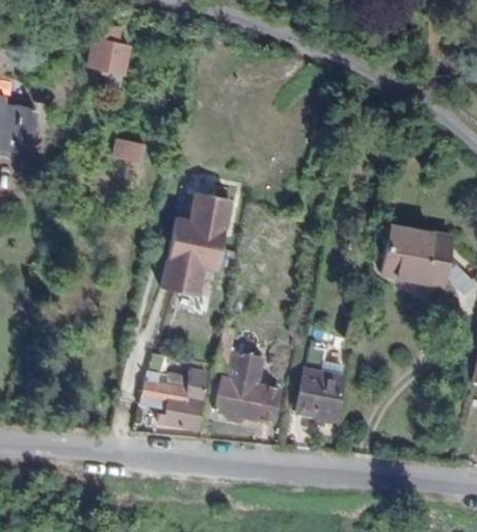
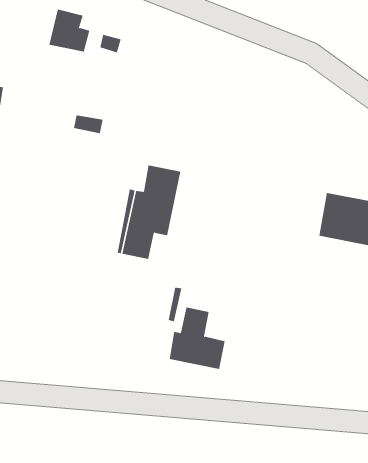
building: [296,349,343,420] -> none
building: [139,357,208,431] -> none

